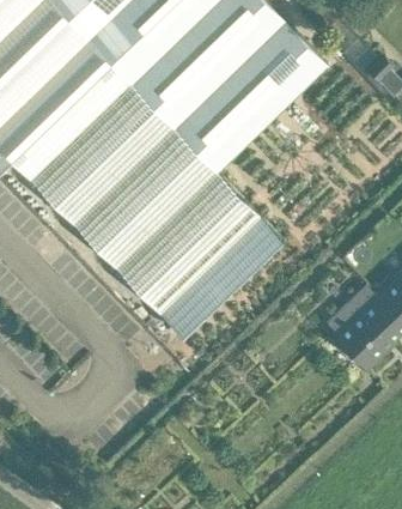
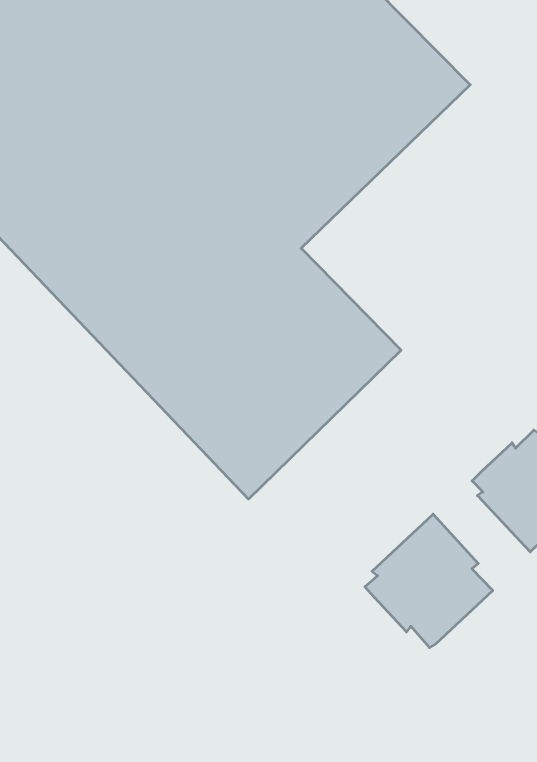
building: none -> [365,514,493,648]

